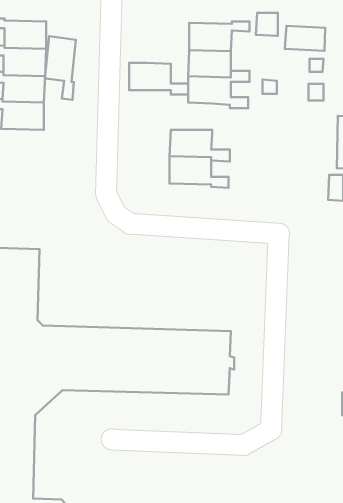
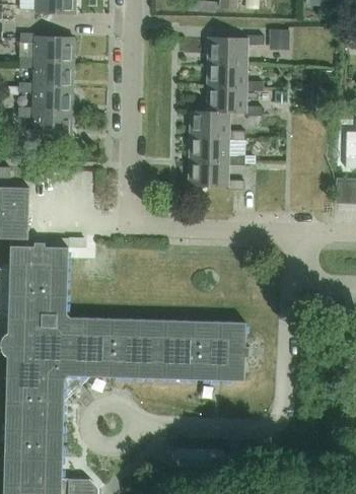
building: [285,26,325,51] -> none
building: [45,36,76,100] -> none
building: [129,63,188,95] -> [190,112,244,141]

